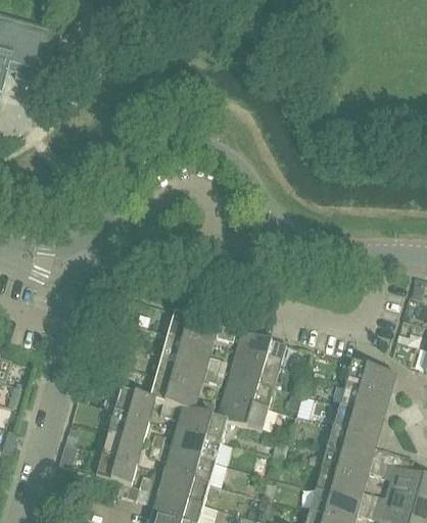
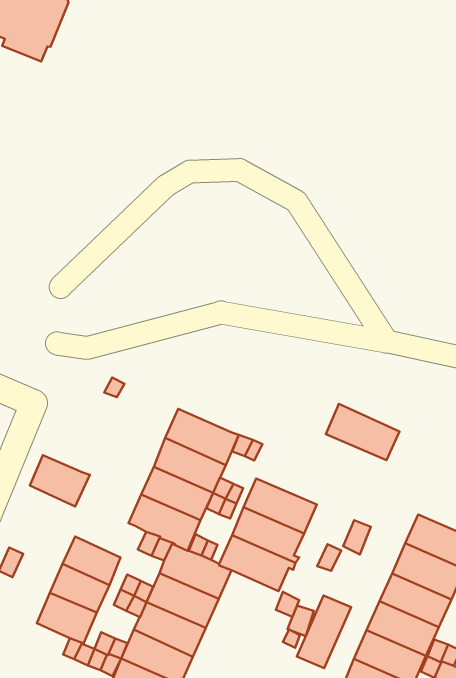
building: [234,331,285,366] -> [326,404,400,460]
building: [113,389,154,422] -> [30,455,90,507]
building: none -> [297,595,351,668]

